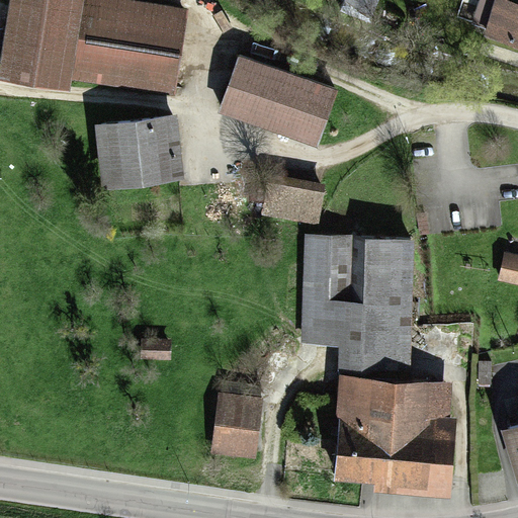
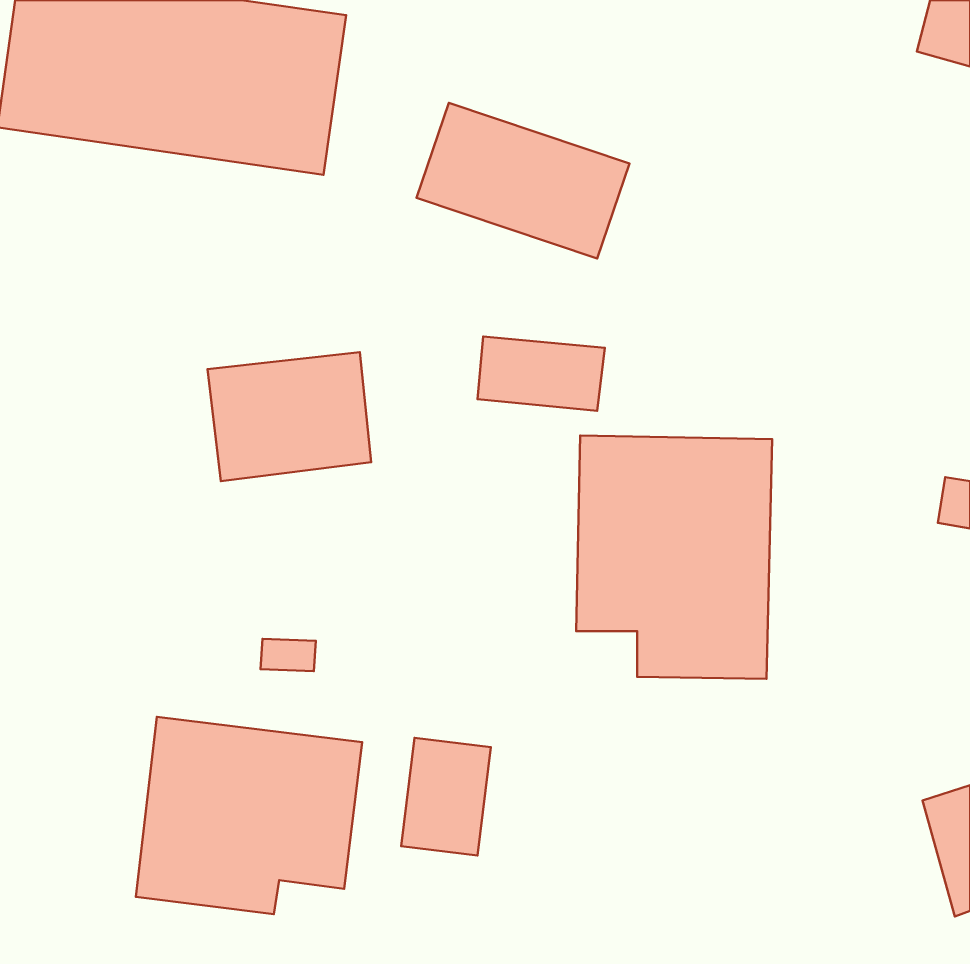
building: [96,113,183,182] -> [208,352,371,481]
building: [338,373,455,487] -> none
building: none -> [136,717,362,914]

